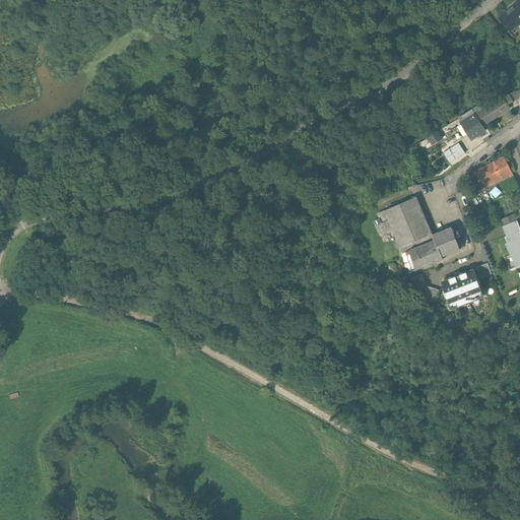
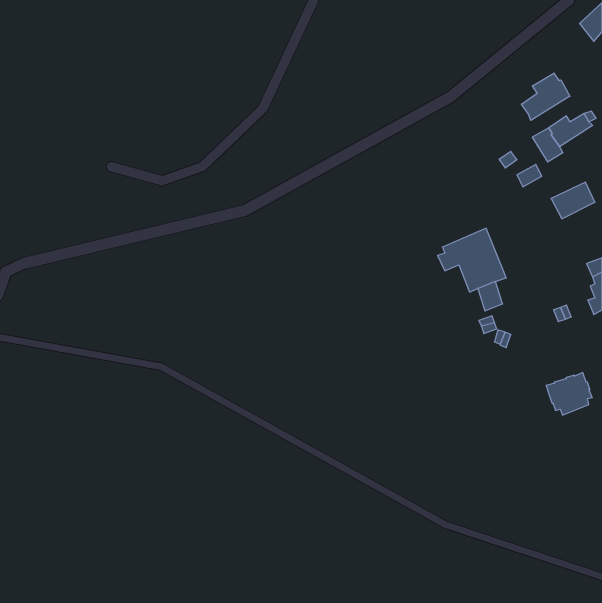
building: none -> [521,73,570,120]
building: [426,228,460,262] -> none
building: [442,269,481,306] -> [546,373,592,415]

